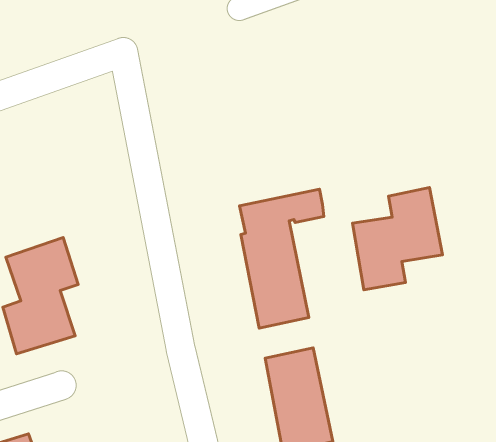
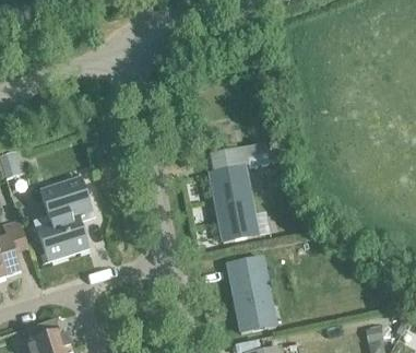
building: [353,187,442,290] -> none

